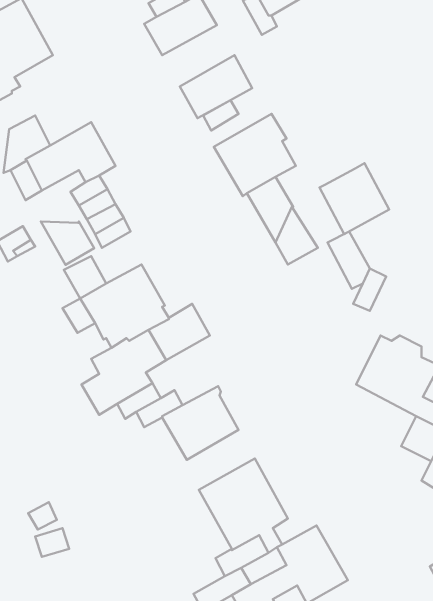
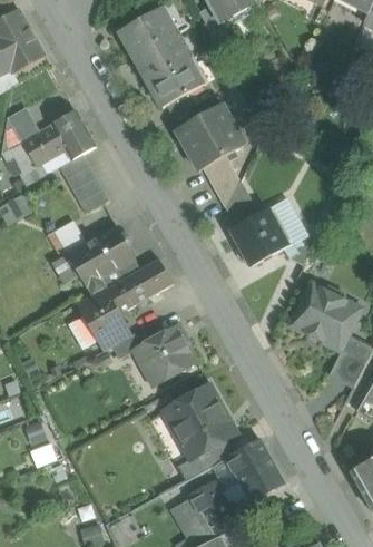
building: none -> [132,30,192,80]
building: [320,163,389,234] -> [230,207,287,265]
building: [41,221,94,265] -> none

